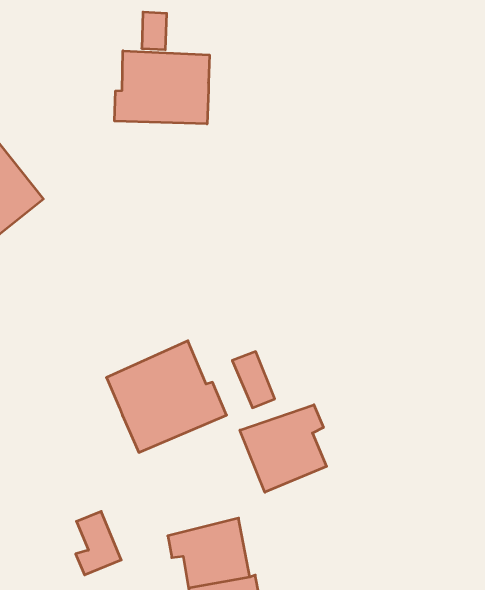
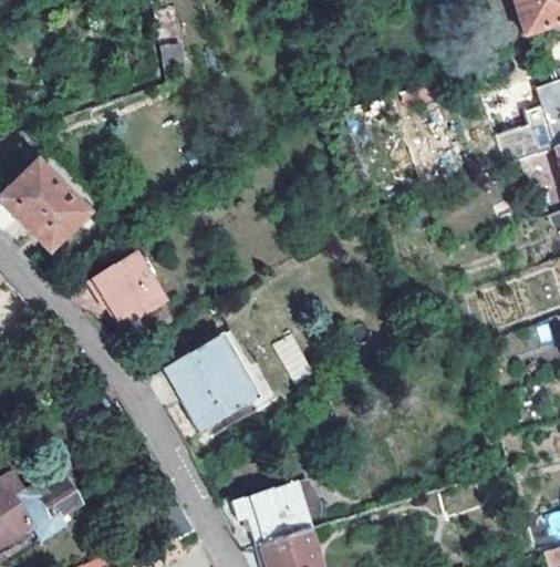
building: [115,51,209,124] -> none
building: none -> [87,251,168,330]
building: [240,405,327,492] -> none

